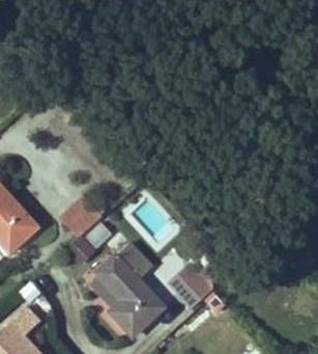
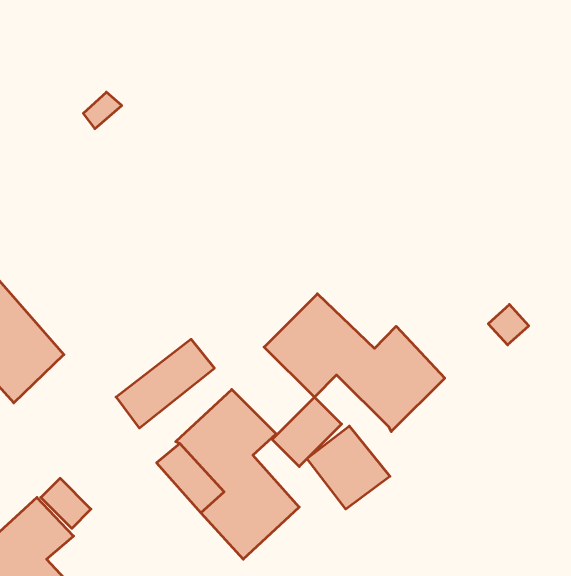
building: [59,192,105,237] -> none
building: none -> [264,294,445,432]

